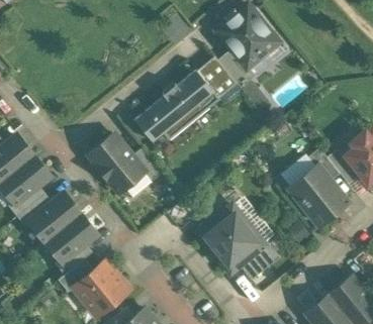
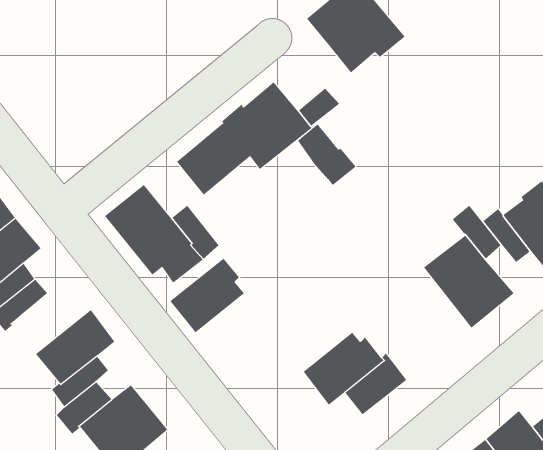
building: [217,48,255,88] -> [297,123,356,186]
building: [29,194,80,241] -> none
building: [197,205,245,252] -> [169,258,245,333]

